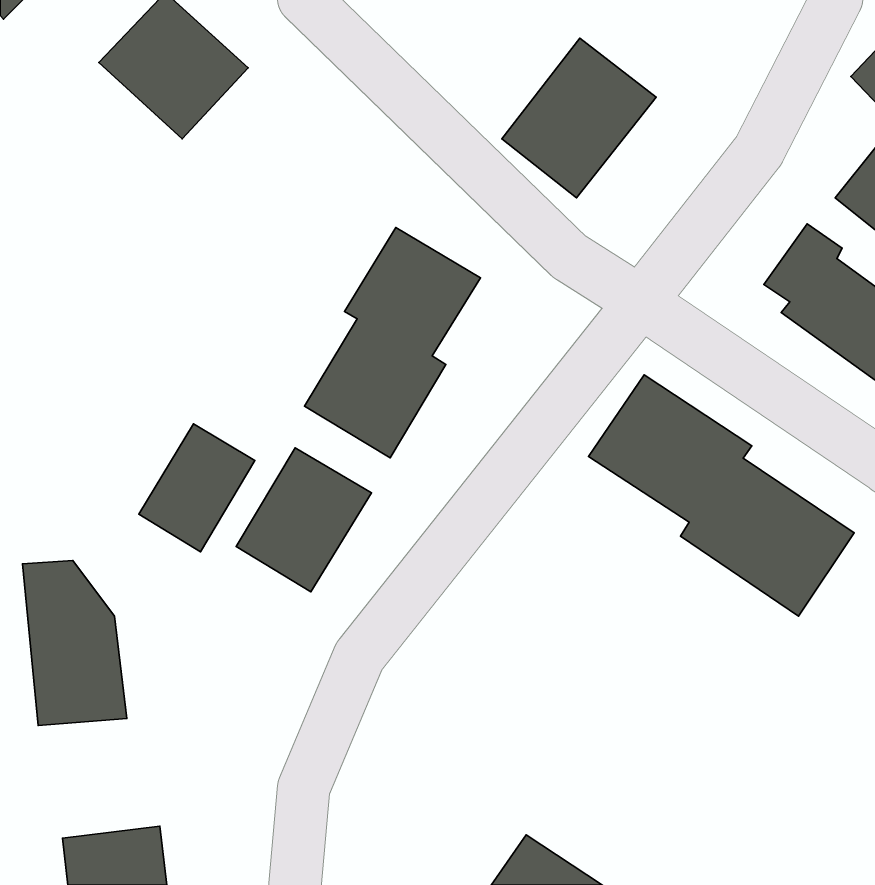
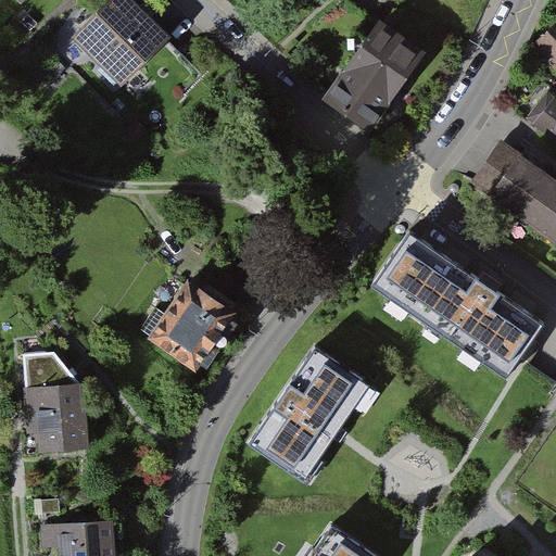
building: [305,228,481,458] -> none
building: [139,424,255,552] -> none
building: none -> [255,346,379,482]

